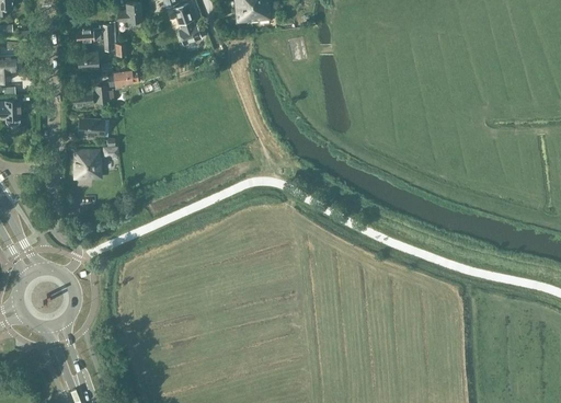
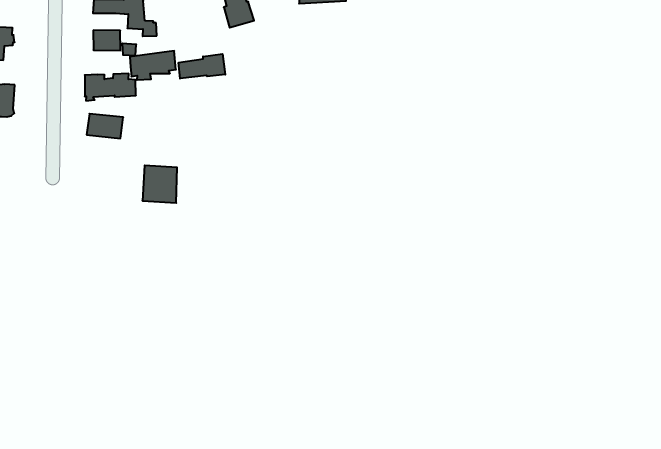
building: none -> [179,54,225,79]
building: [75,151,101,179] -> [142,165,177,203]

